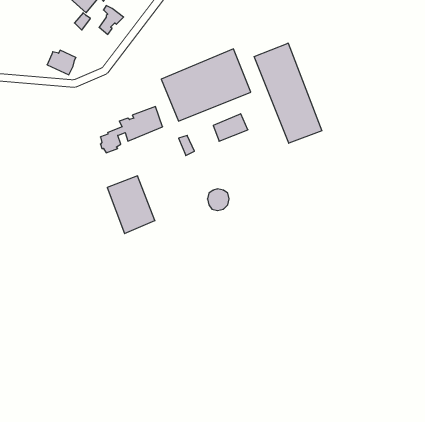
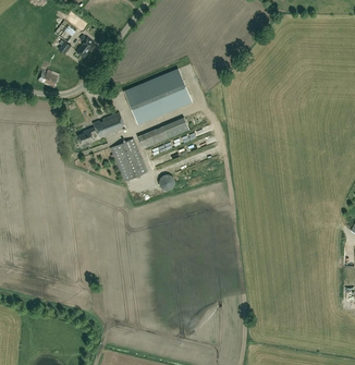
building: [254,43,322,143] -> none
building: [107,176,155,234] -> [111,138,147,182]

